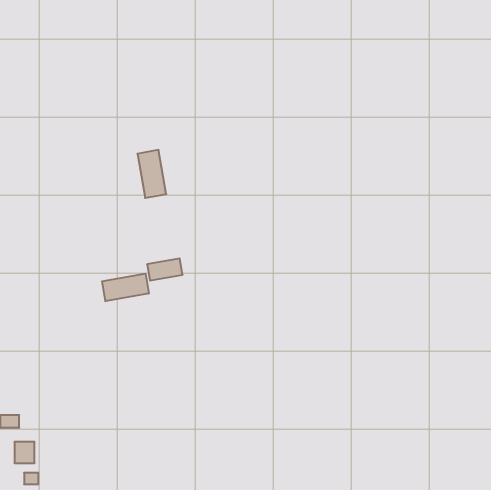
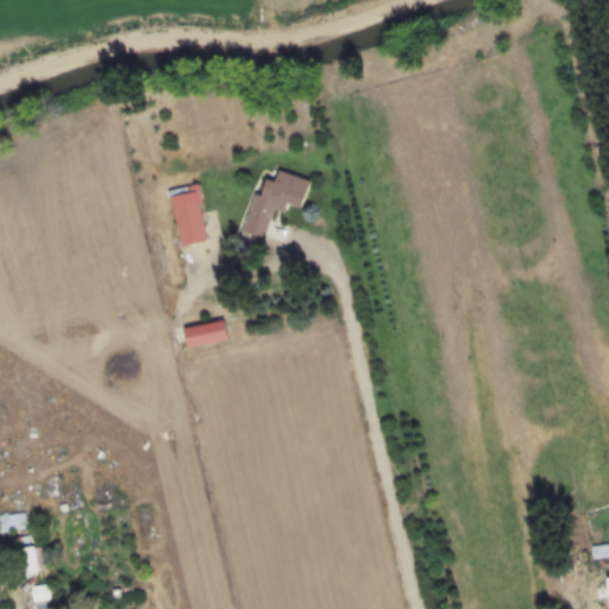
building: none -> [240,171,309,239]
building: [102,274,149,301] -> none

